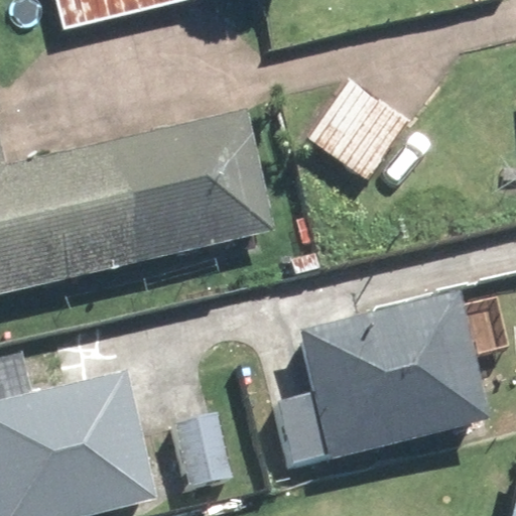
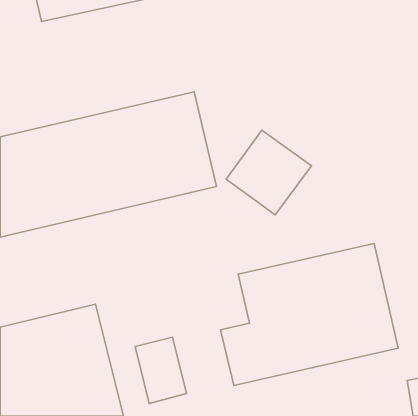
building: [307,78,411,180] -> [226,130,312,215]

